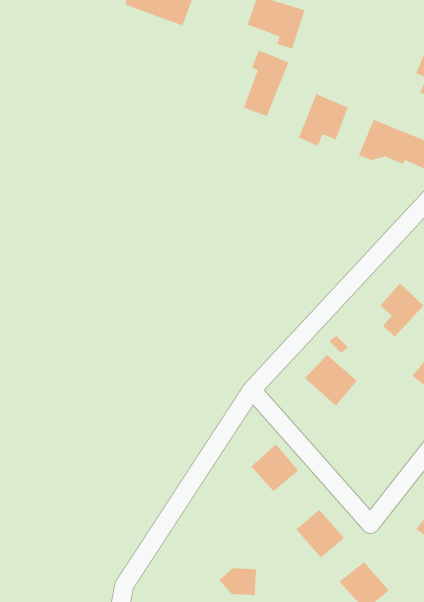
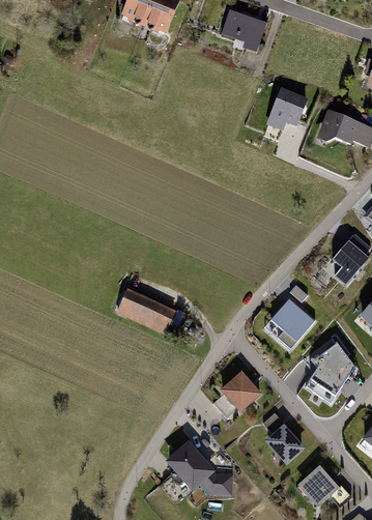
building: [243,50,289,117] -> none
building: none -> [117,286,178,334]
building: none -> [306,346,354,405]
building: none -> [164,443,212,493]

